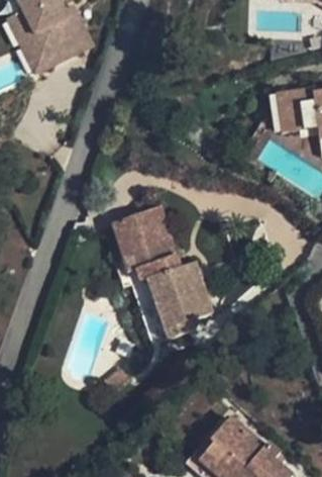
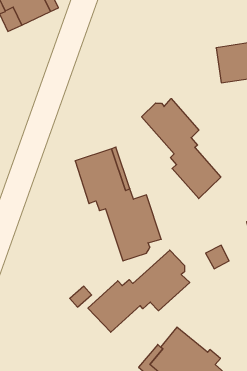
building: none -> [142,99,221,199]
building: none -> [88,250,190,332]

